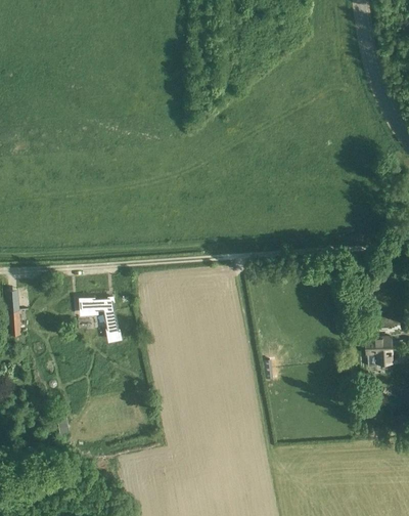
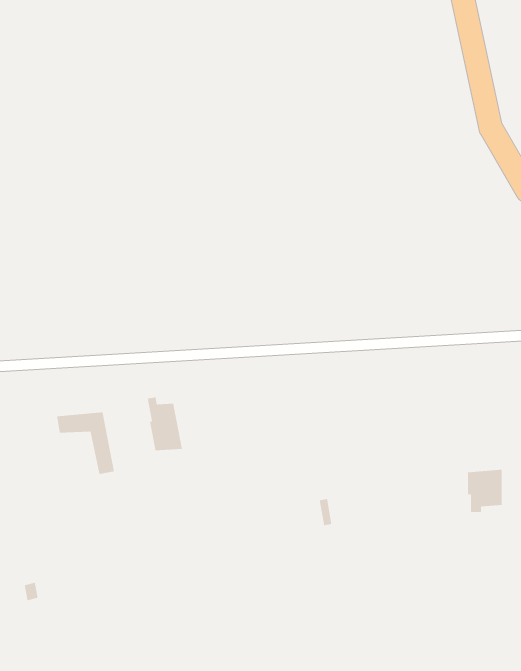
building: none -> [147,396,183,451]

